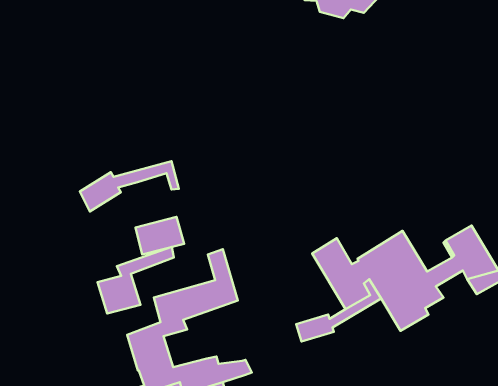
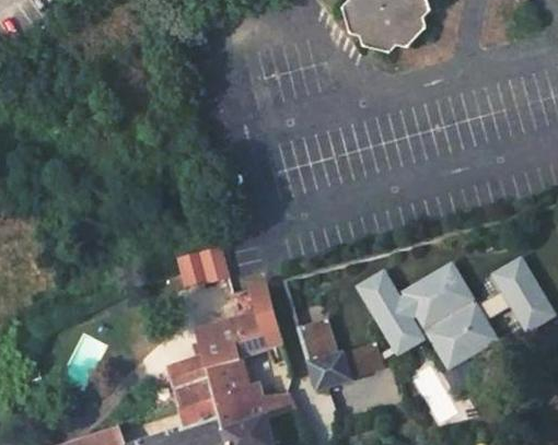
building: [80,161,179,212] -> none
building: [98,247,174,313] -> [206,333,283,401]
building: none -> [297,318,347,389]

